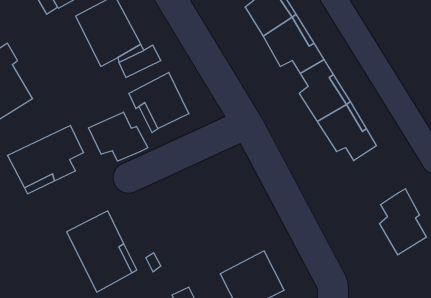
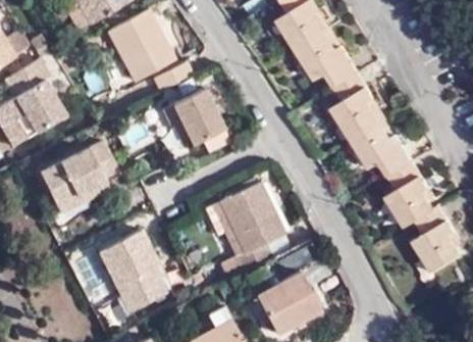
building: [89,112,148,161] -> none
building: none -> [388,164,435,231]
building: none -> [217,185,282,275]

